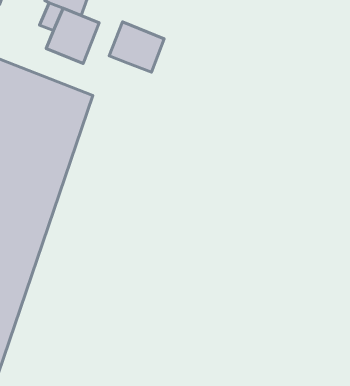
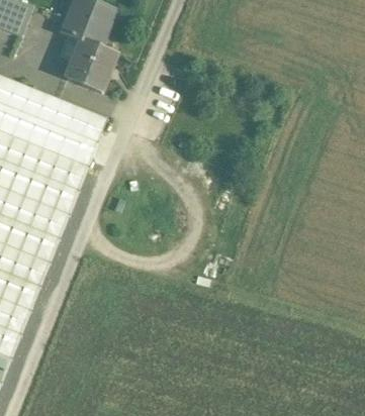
building: [109,22,164,72] -> none

